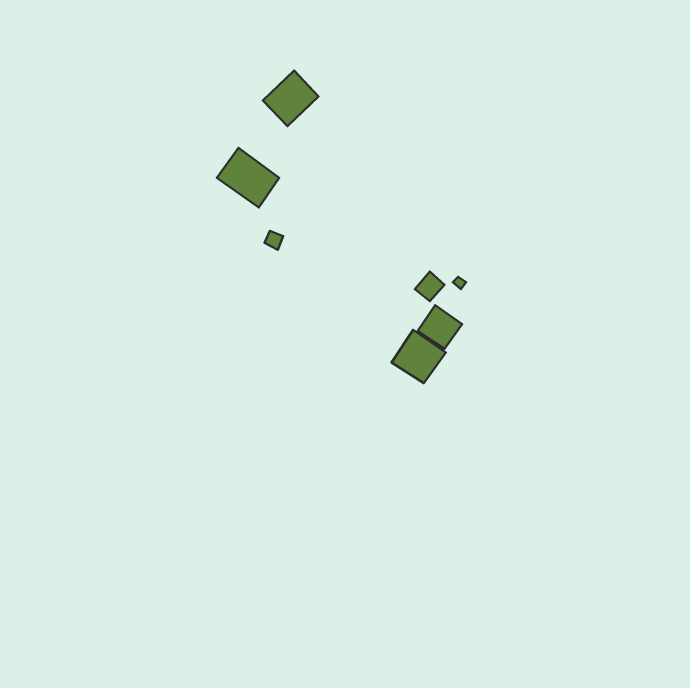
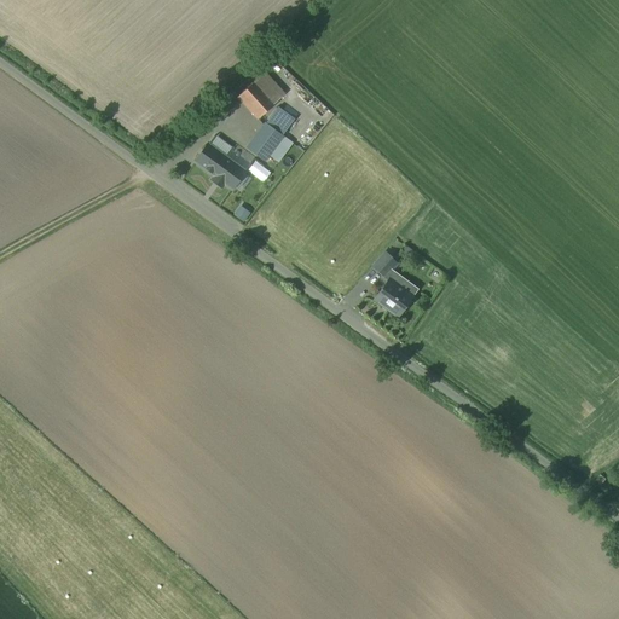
building: none -> [244,103,300,167]
building: [392,330,446,383] -> none

